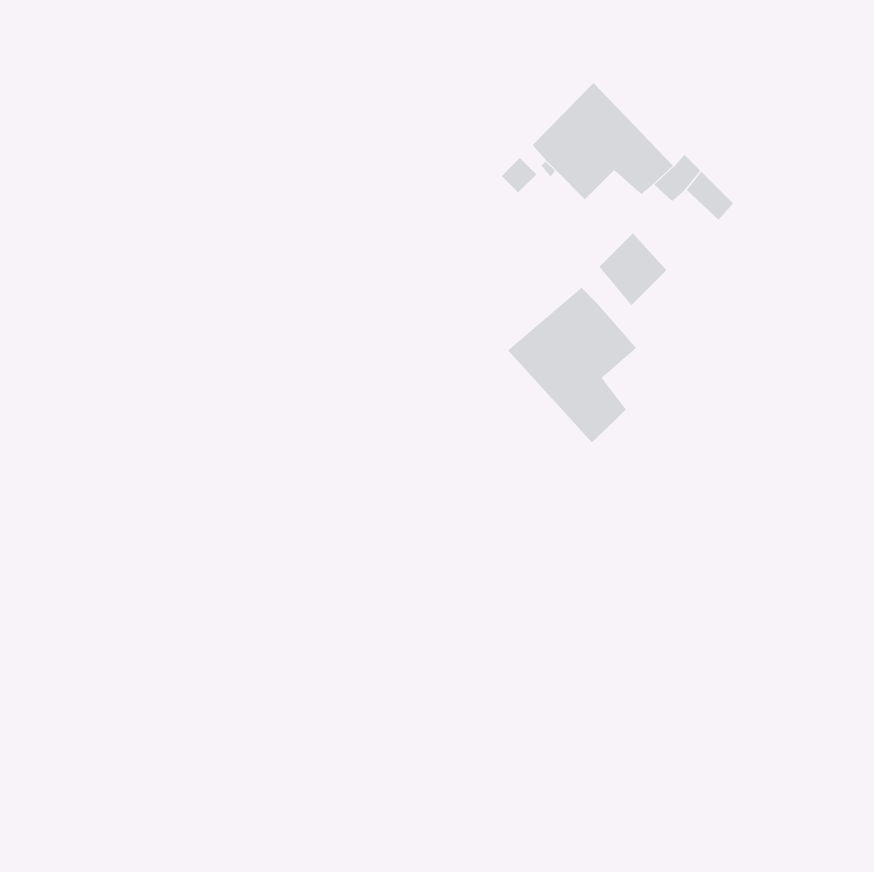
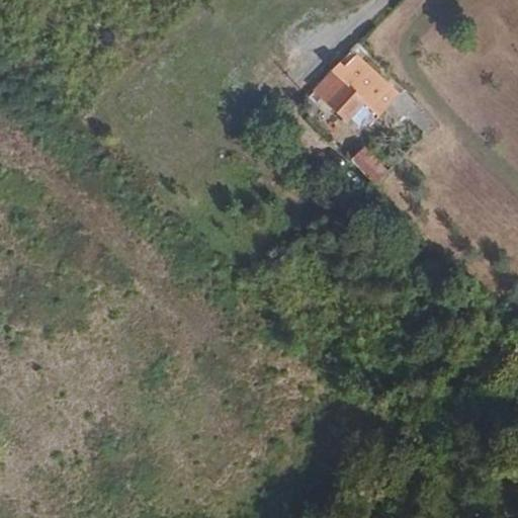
building: [507,287,637,443] -> none

